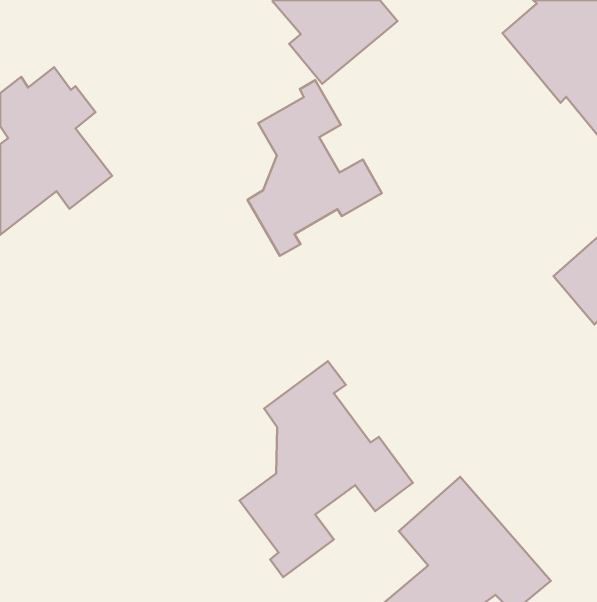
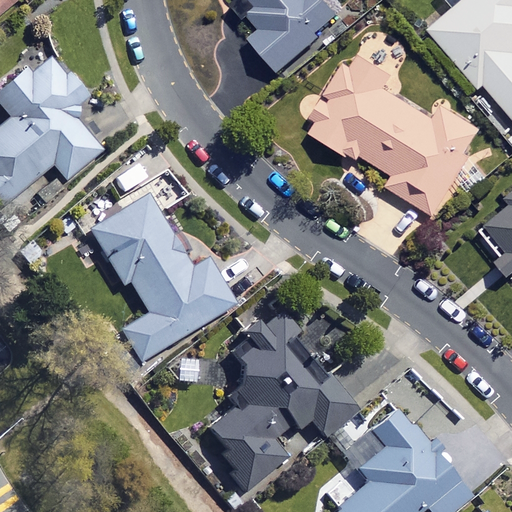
building: none -> [305,50,481,215]
building: [248,80,382,256] -> none
building: none -> [90,195,234,360]

